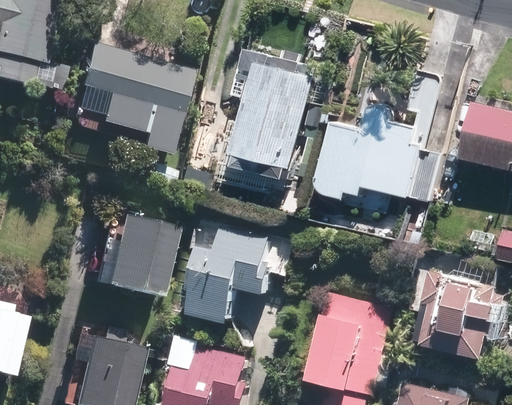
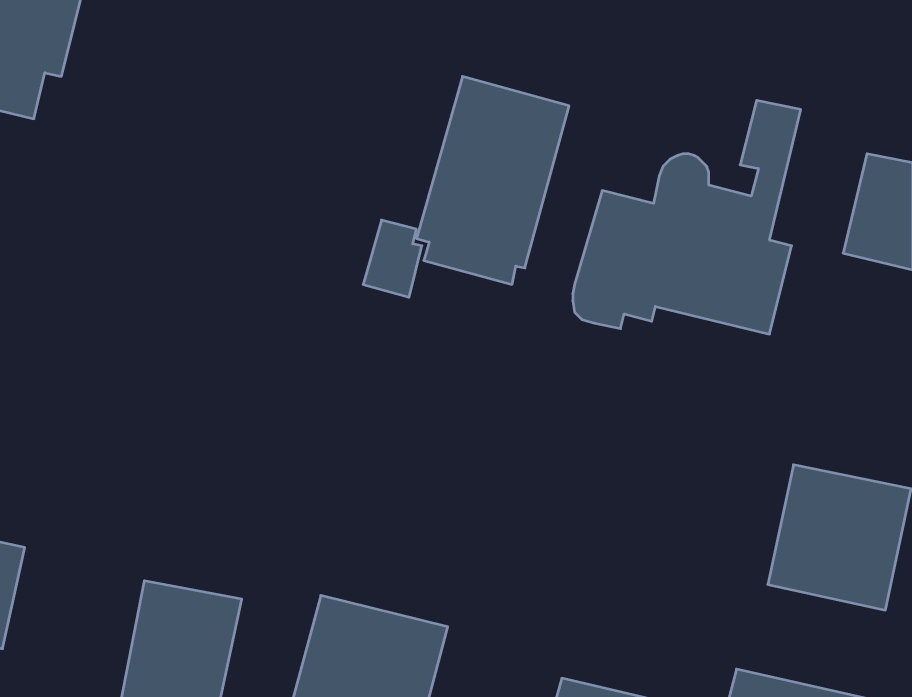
building: [75,45,183,152] -> none
building: [100,217,164,292] -> none
building: [198,229,273,318] -> none
building: [311,295,389,389] -> none

